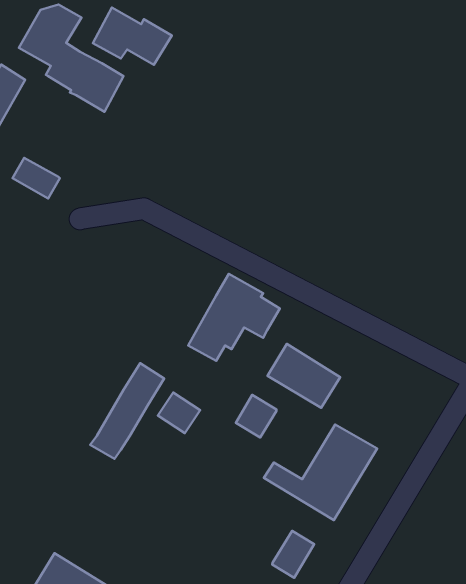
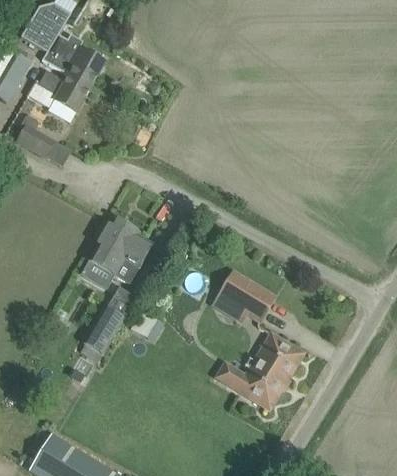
building: [93,8,172,65] -> [28,67,90,112]
building: [188,274,280,361] -> [81,217,153,285]
building: [236,395,277,437] -> none
building: [272,531,314,578] -> none

